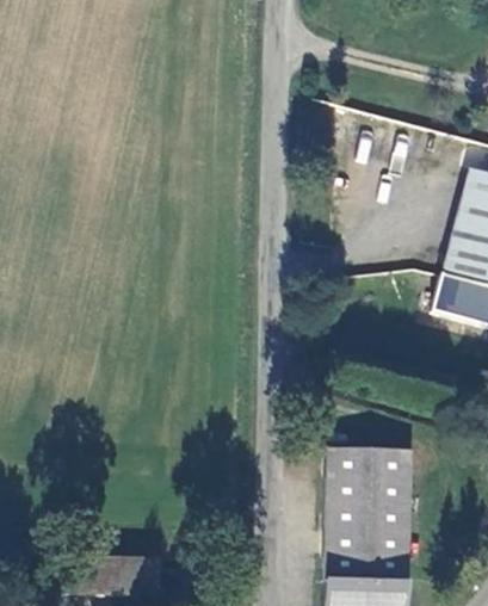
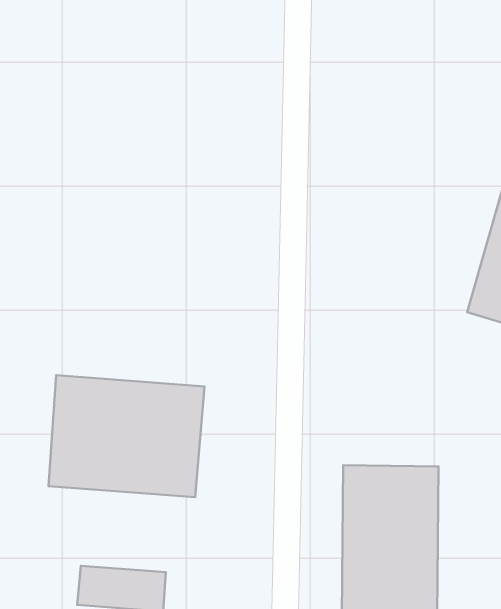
building: none -> [48,375,204,497]

